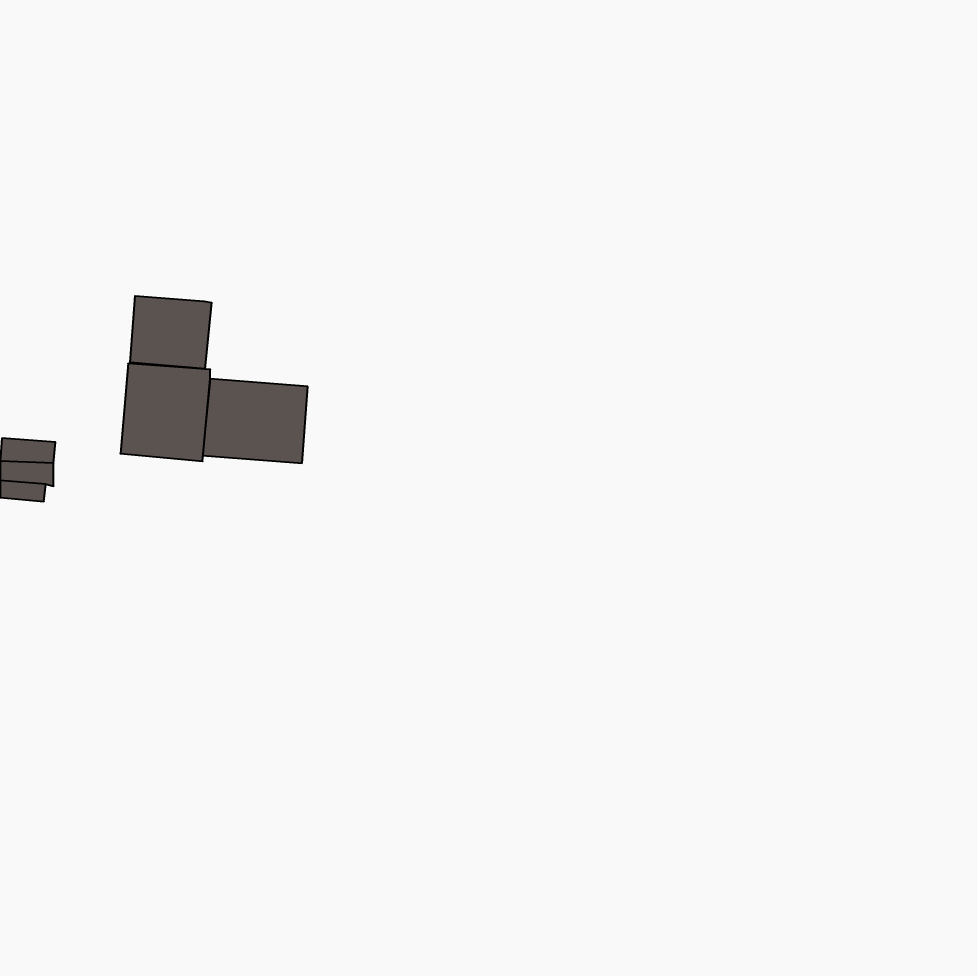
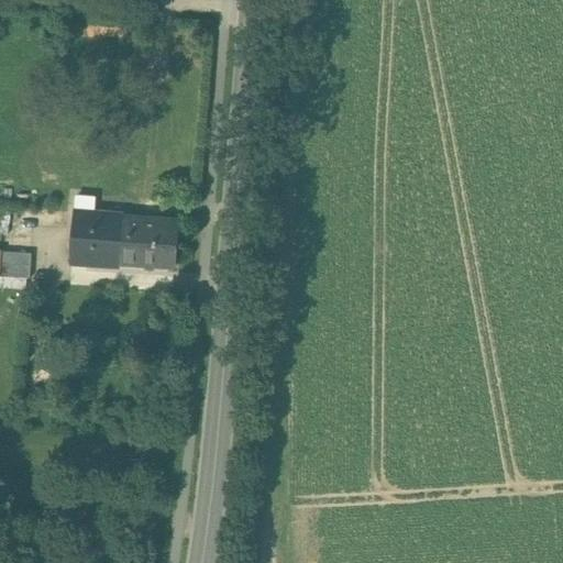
building: [130,296,212,369] -> none

